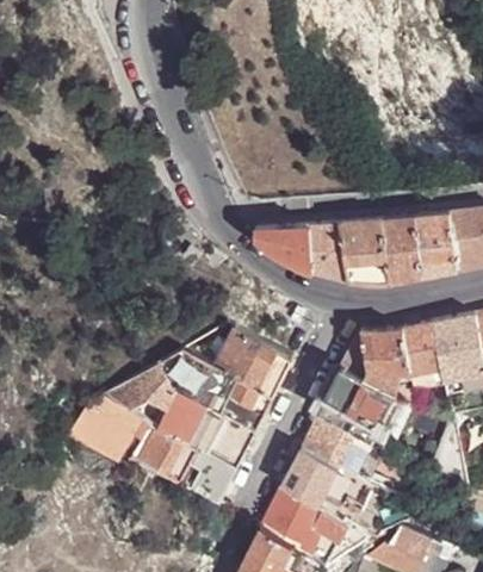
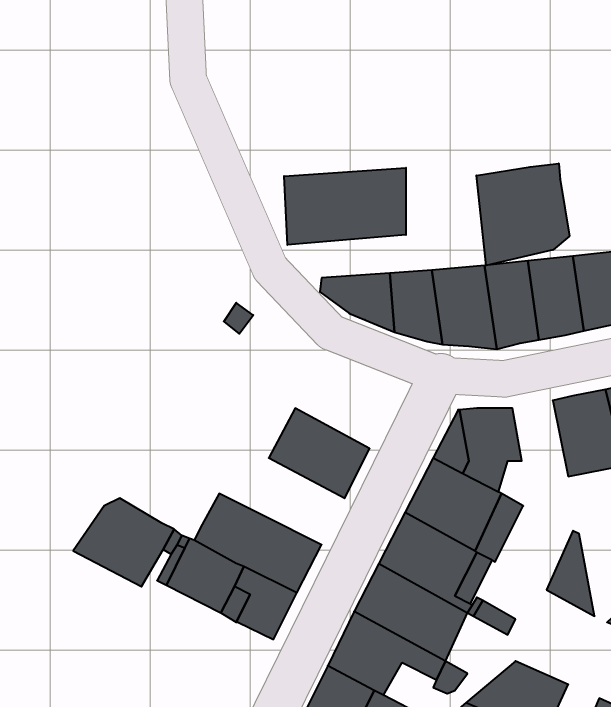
building: none -> [476,163,569,265]
building: none -> [284,168,406,245]
building: [402,323,445,381] -> none
building: [100,350,273,434] -> none

